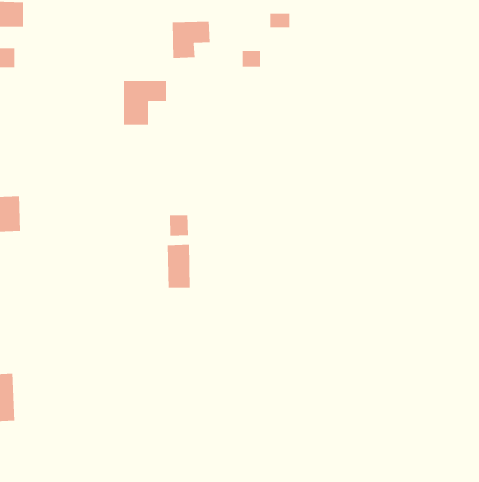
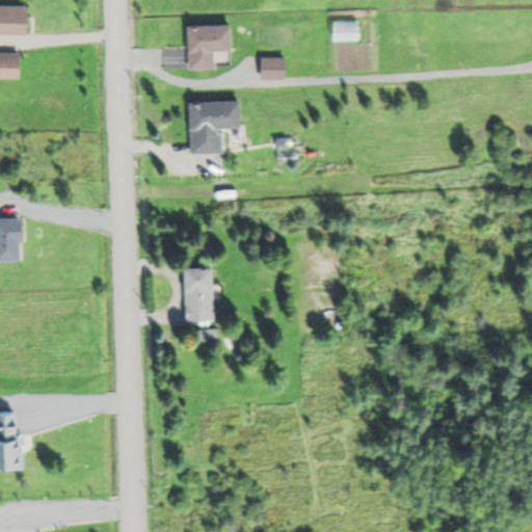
building: [269,13,290,28] -> [332,25,355,42]
building: [123,80,167,126] -> [192,102,240,152]
building: [169,215,189,236] -> none

